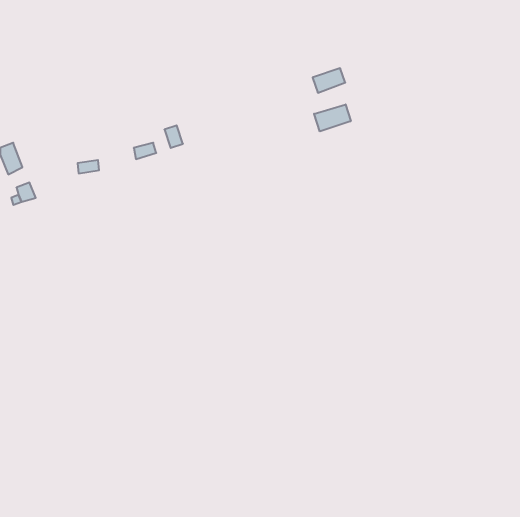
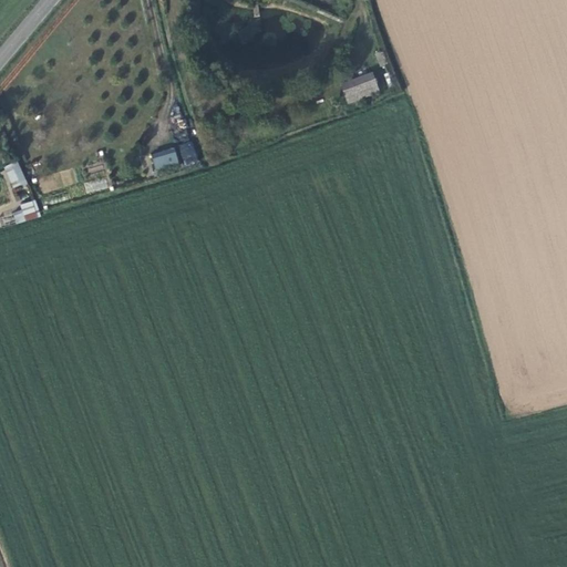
building: [314,104,351,131] -> none

